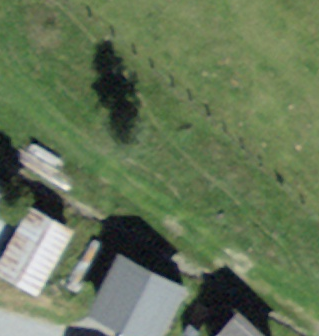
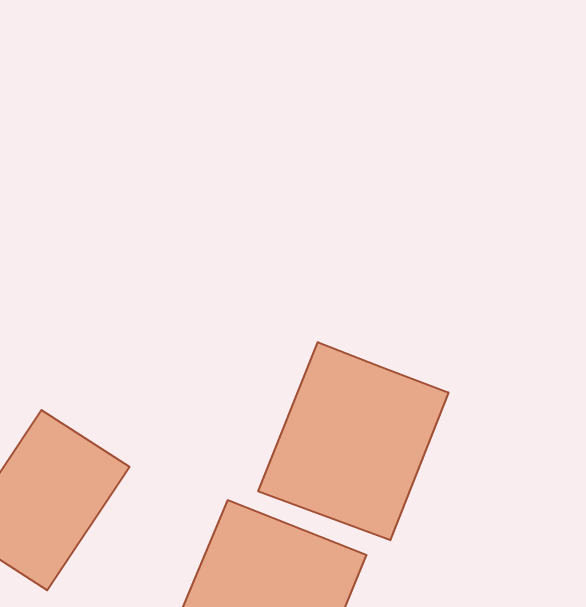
building: none -> [258,342,448,540]

